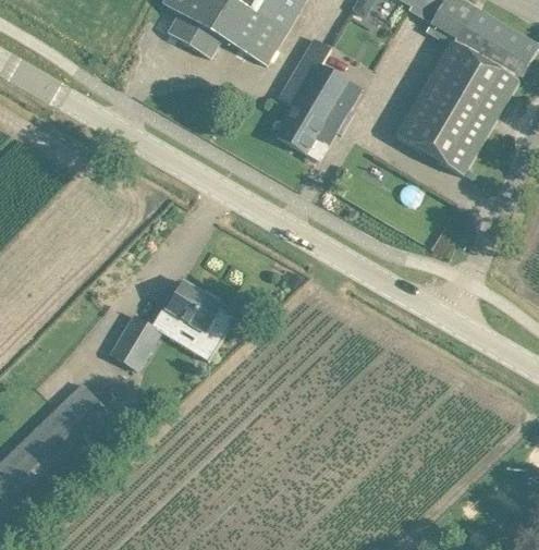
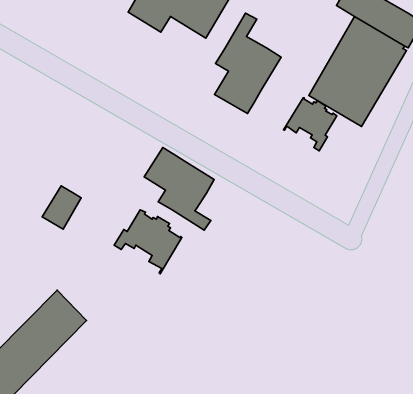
building: none -> [284,98,337,151]
building: none -> [144,147,214,230]
building: [111,315,160,369] -> [42,186,81,229]

